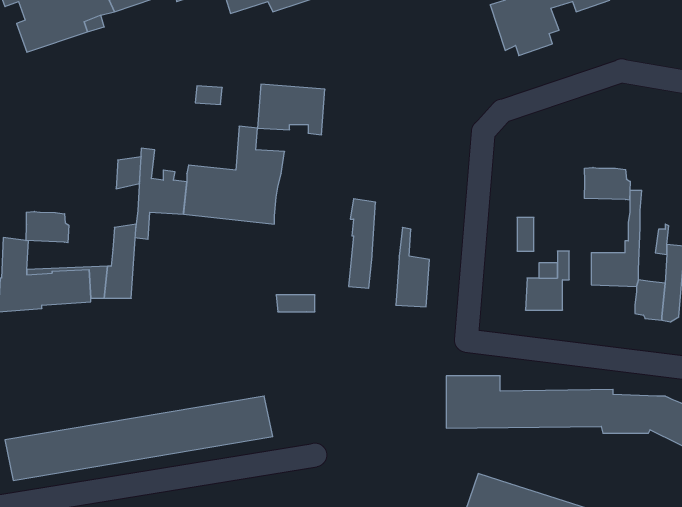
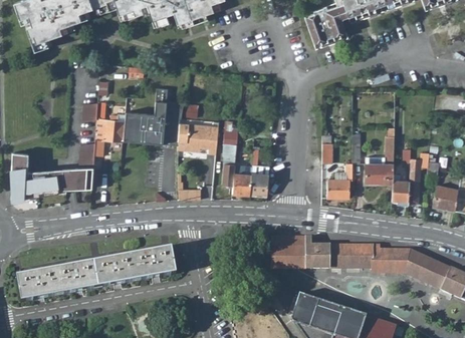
building: [258,84,325,135] -> [177,123,217,153]
building: [584,167,630,200] -> none
building: [26,211,69,243] -> none
building: none -> [232,164,251,194]

